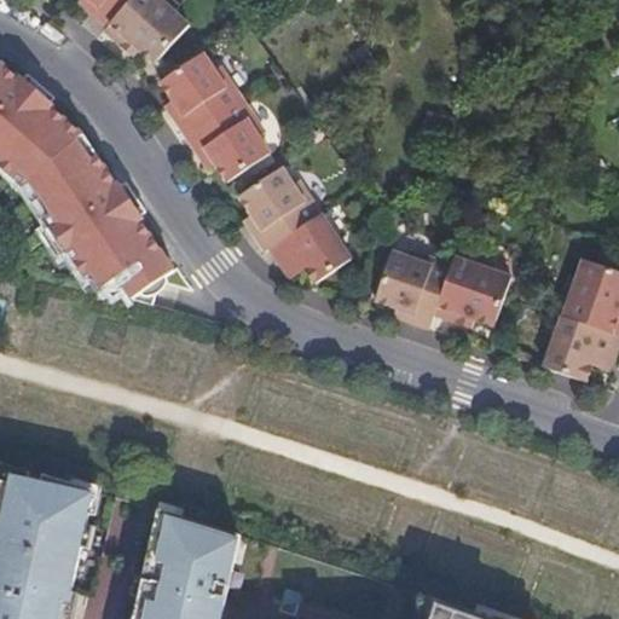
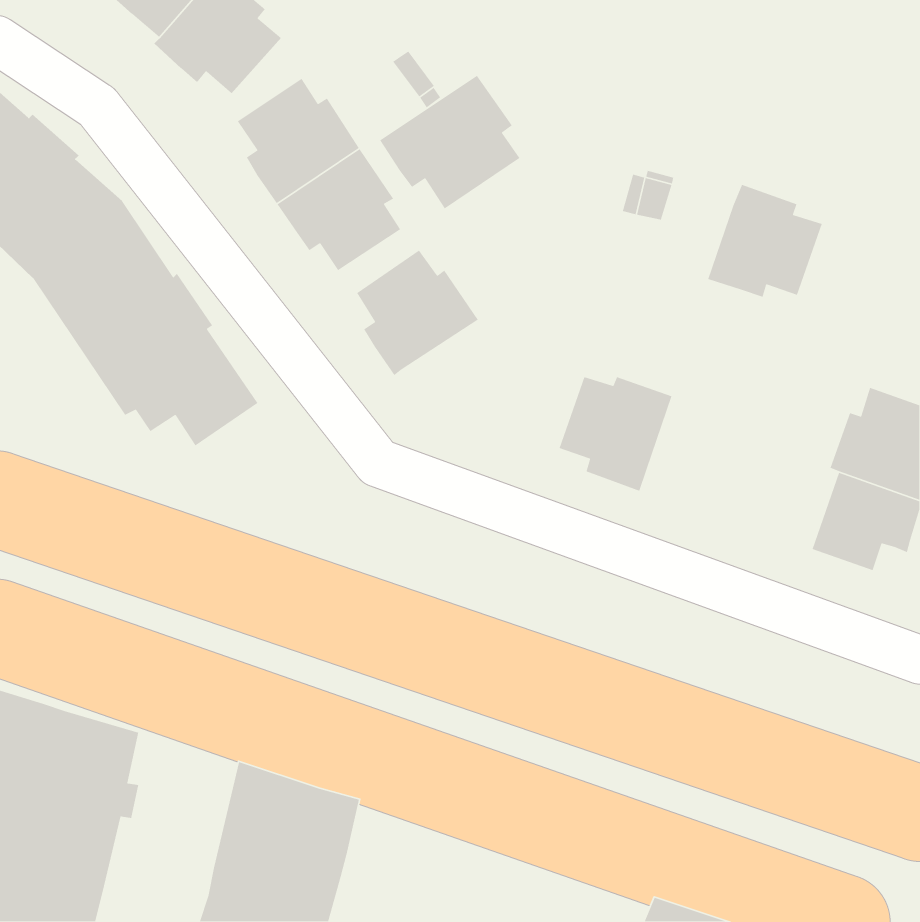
building: none -> [379,75,521,210]
building: [268,214,358,284] -> none
building: [433,250,510,326] -> [707,184,823,298]

